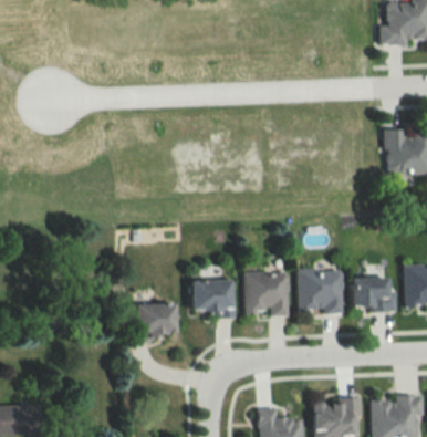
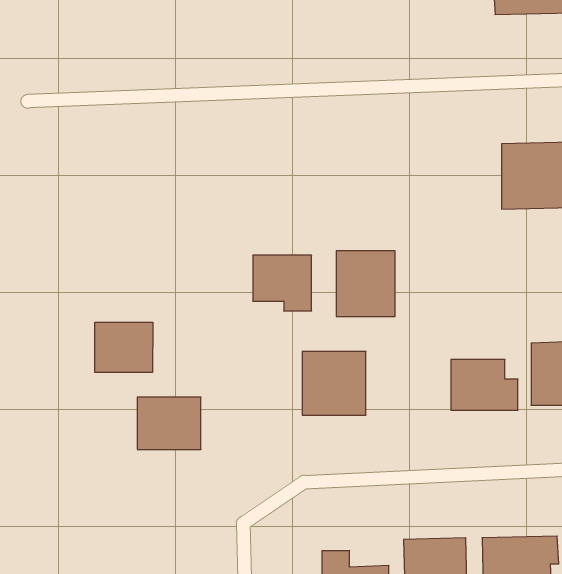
building: none -> [95,322,153,372]
building: [300,269,340,313] -> [336,251,395,316]
building: [195,279,235,316] -> [253,255,312,311]

